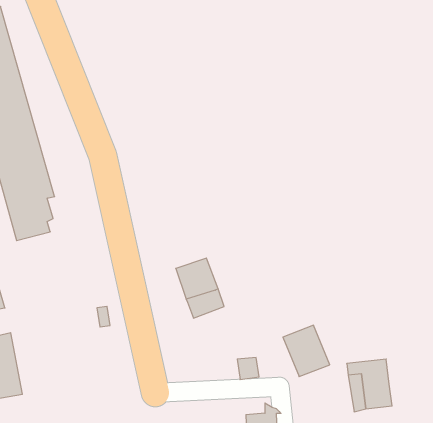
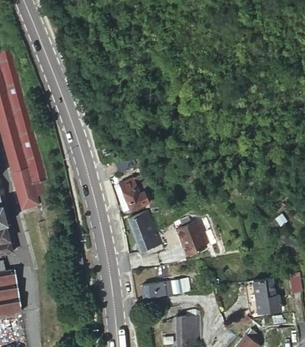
building: none -> [112,178,148,210]
building: [283,325,330,377] -> [174,221,206,256]
building: none -> [139,281,172,299]

